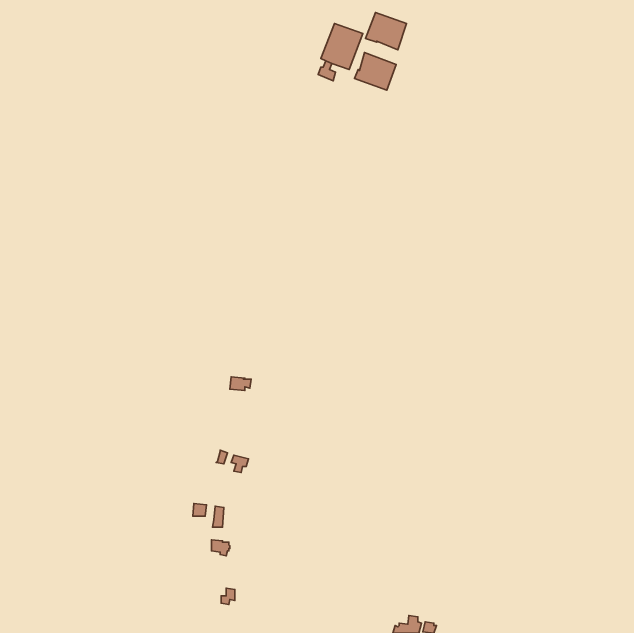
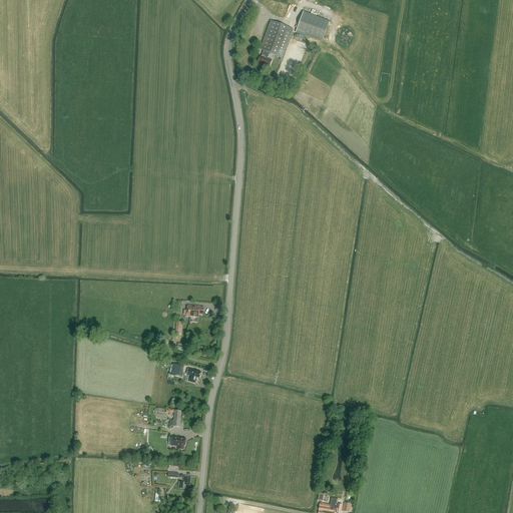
building: [355,52,396,90] -> none

